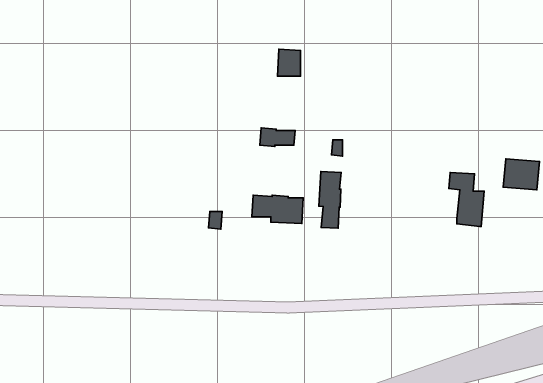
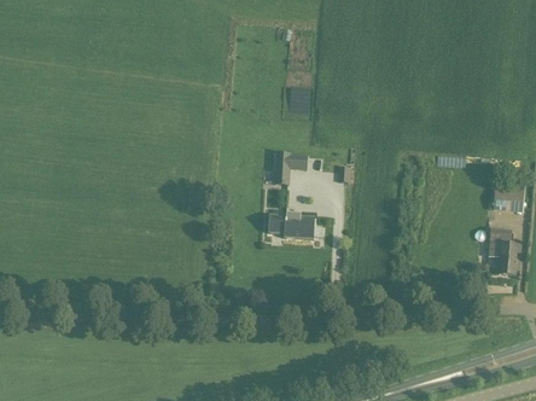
building: [319,172,341,228] -> none
building: [449,172,484,226] -> [488,225,519,273]

